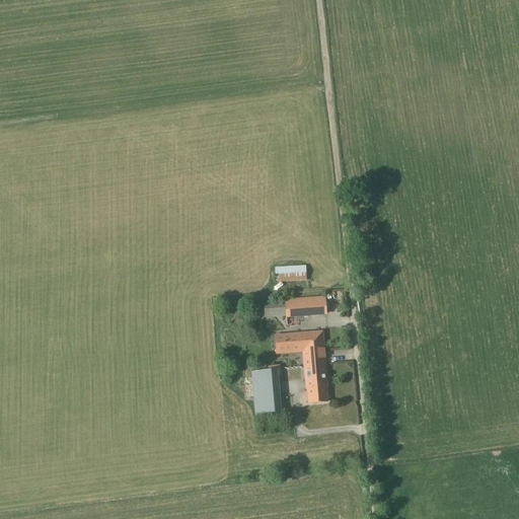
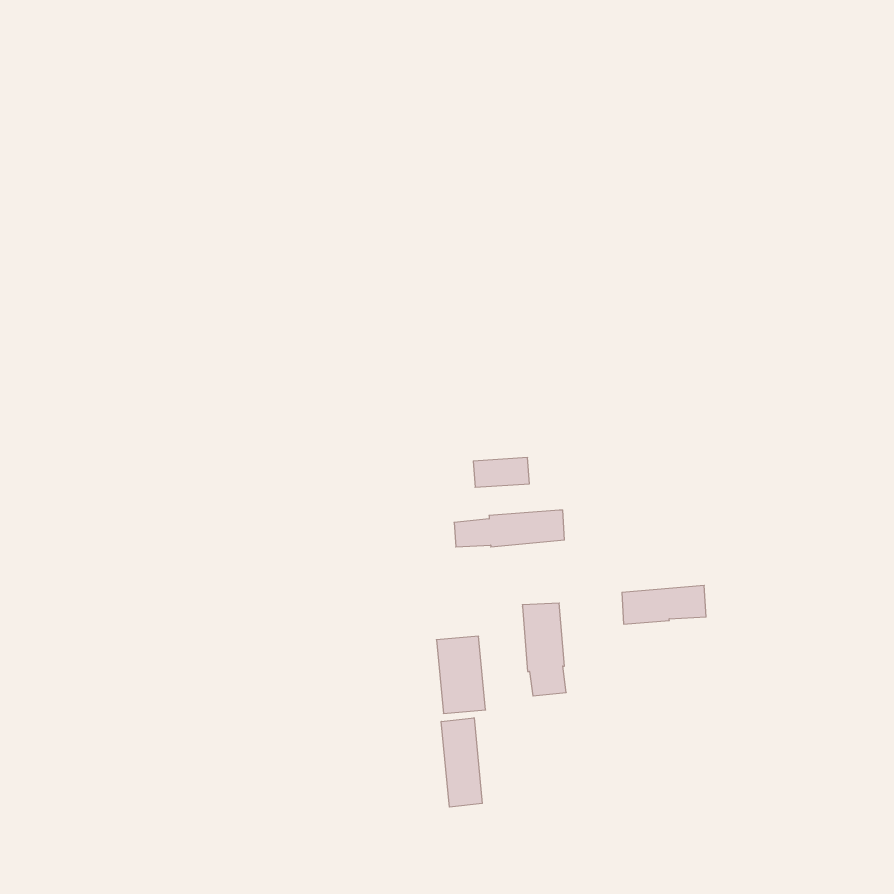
building: [276,330,324,353] -> [622,585,706,624]
building: none -> [441,718,482,807]

